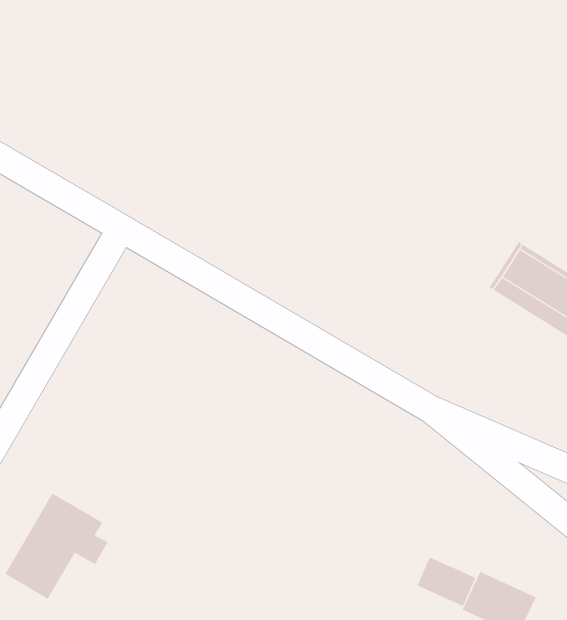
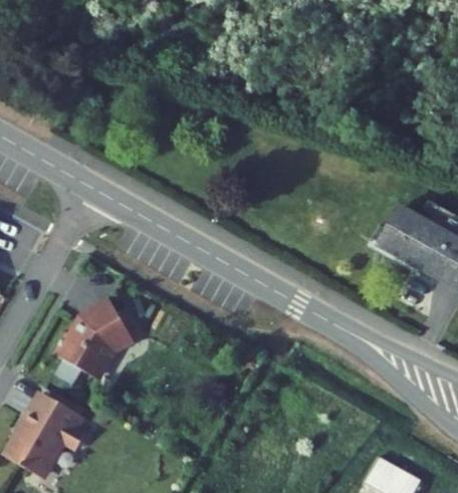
building: none -> [54,296,138,376]
building: [417,557,476,607] -> none

